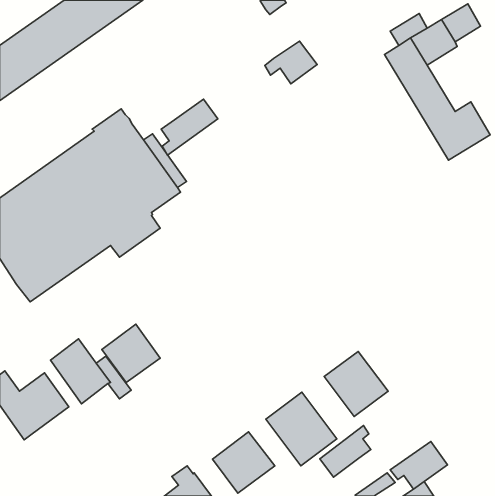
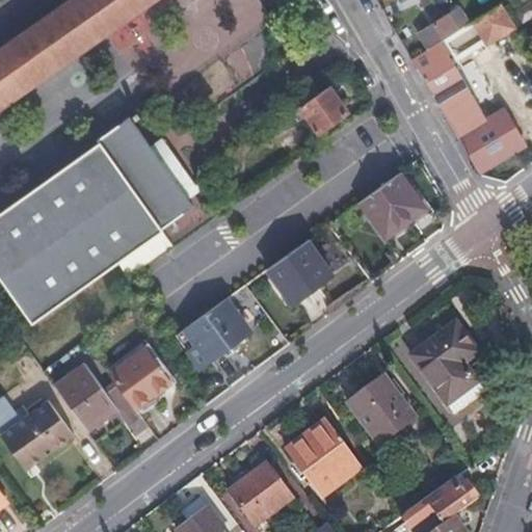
building: [265,41,317,84] -> [291,86,347,132]
building: [161,99,218,155] -> none
building: none -> [358,172,424,240]
building: none -> [265,239,334,305]
building: none -> [176,298,249,362]
building: none -> [409,321,485,415]
building: [320,425,371,477] -> none

